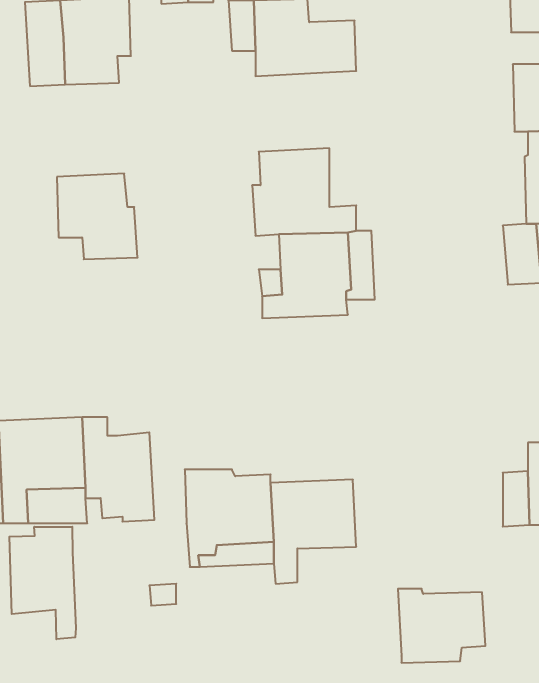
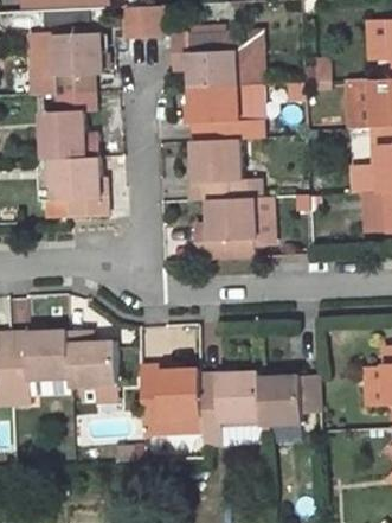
building: none -> [346,79,372,128]
building: none -> [189,85,263,141]
building: none -> [39,93,97,159]
building: [9,527,76,639] -> none
building: [398,589,485,663] -> [258,372,320,425]

